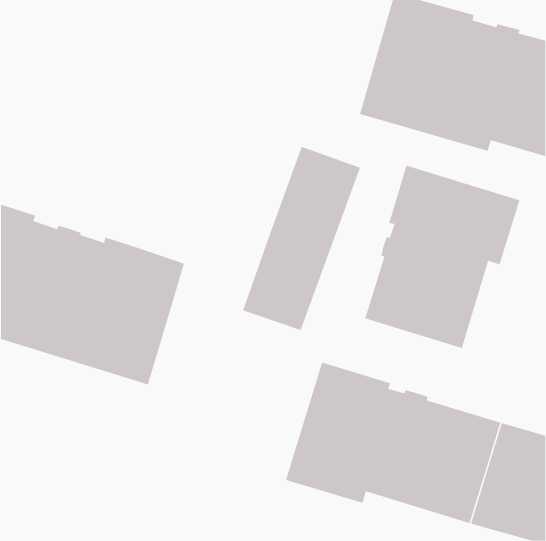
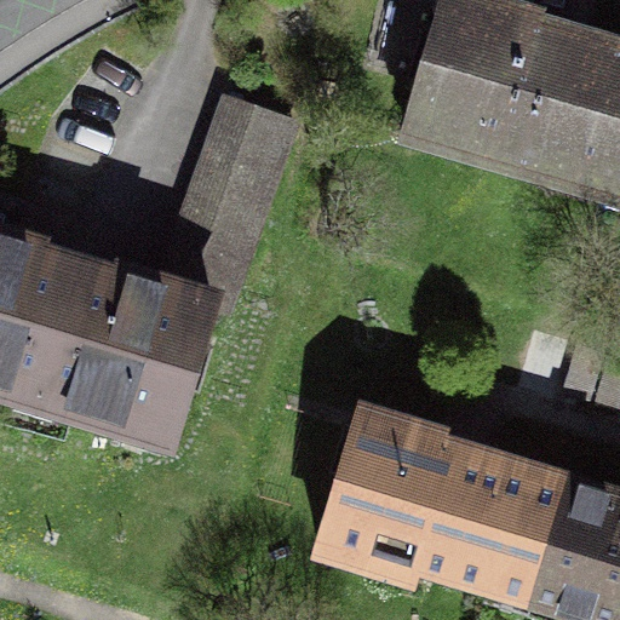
building: [242,146,361,331] -> [160,96,294,305]
building: [365,165,520,349] -> none

